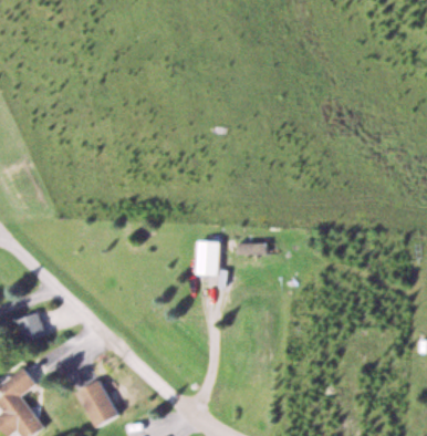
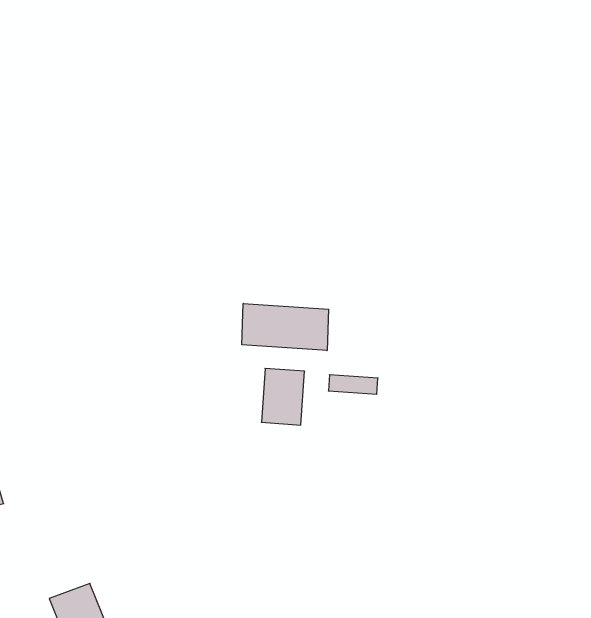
building: none -> [242,303,329,351]

